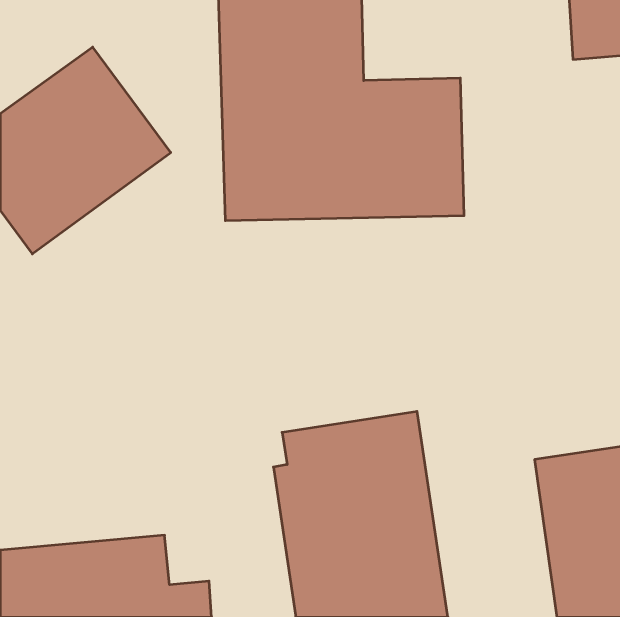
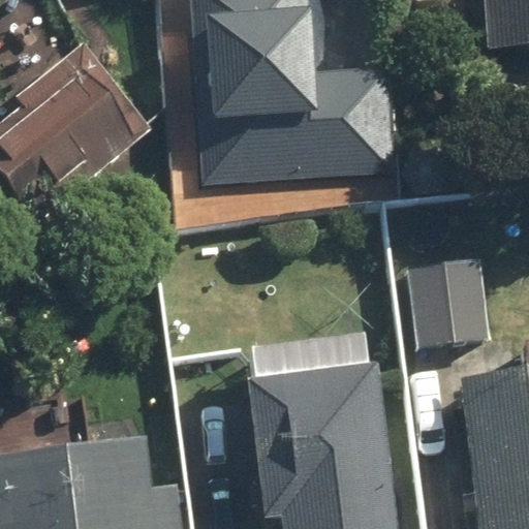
building: none -> [406,260,492,350]

